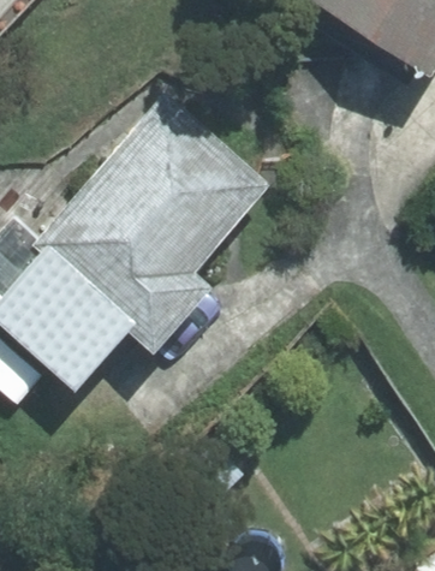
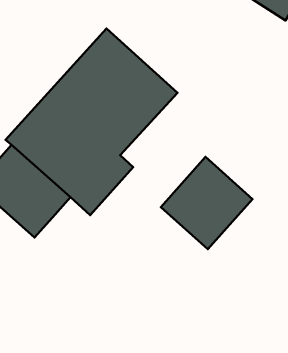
building: none -> [161,157,252,249]

